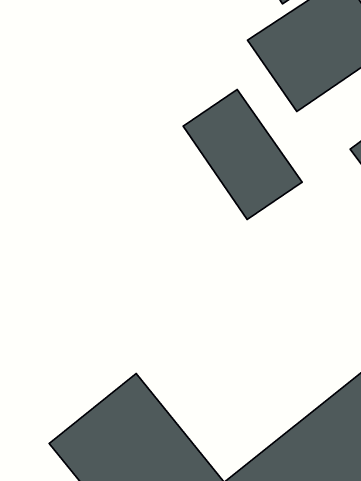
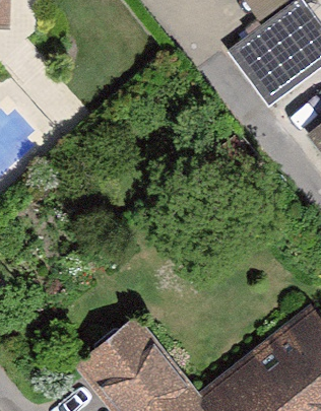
building: [183,89,302,219] -> none

